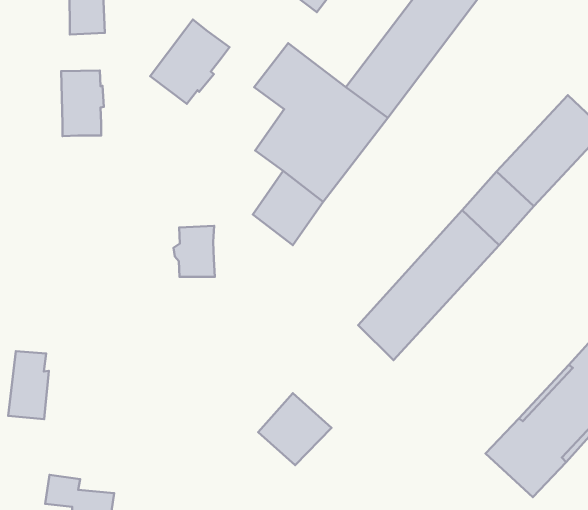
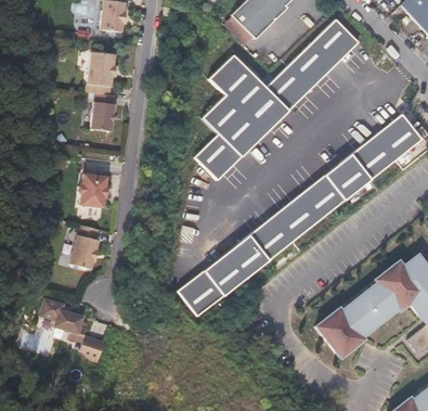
building: [150,20,230,104] -> none
building: none -> [92,92,116,131]
building: [173,226,215,277] -> [81,174,108,207]
building: none -> [204,235,269,296]
building: [8,351,49,419] -> [70,224,100,269]

